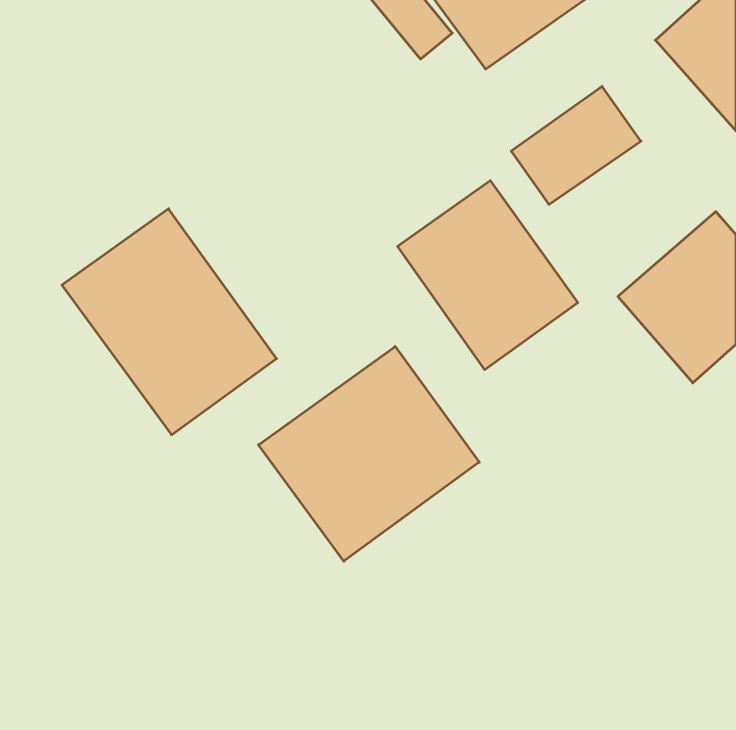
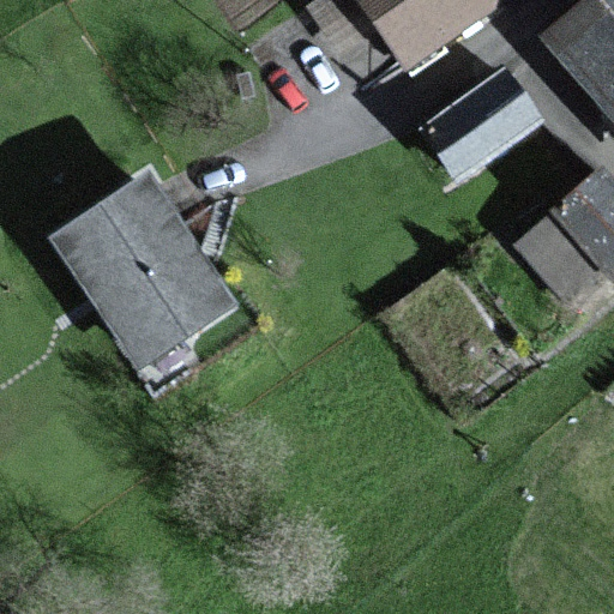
building: [398,181,578,370] -> none
building: [258,346,479,561] -> none

